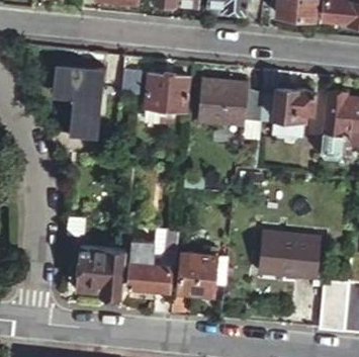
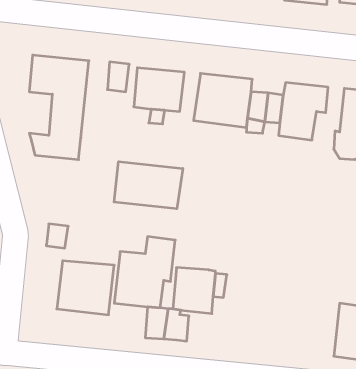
building: none -> [114,162,183,209]
building: [260,233,320,276] -> none

